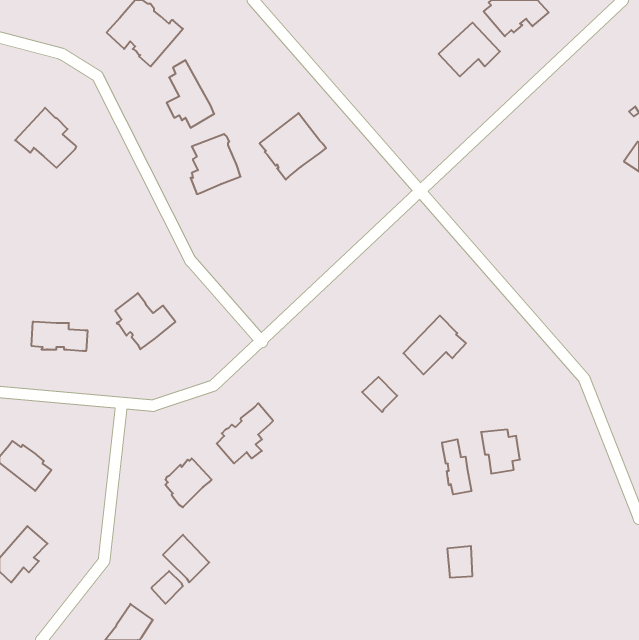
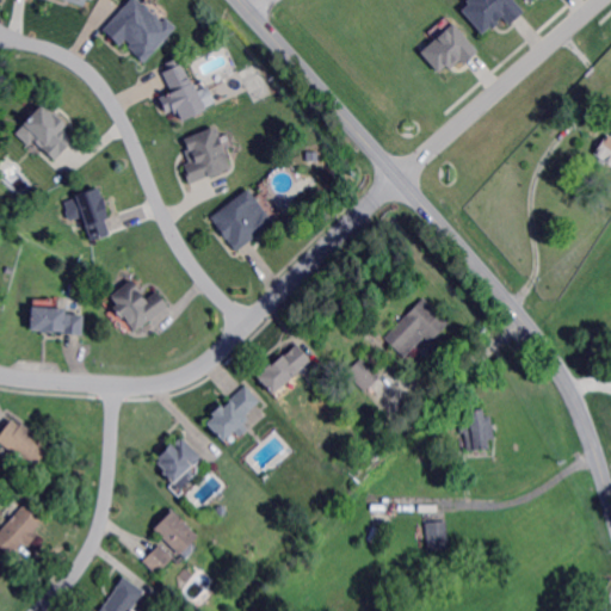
building: [260,113,326,180] -> [210,190,273,253]
building: none -> [74,187,109,241]
building: none -> [257,345,309,395]
building: [442,439,471,494] -> none

